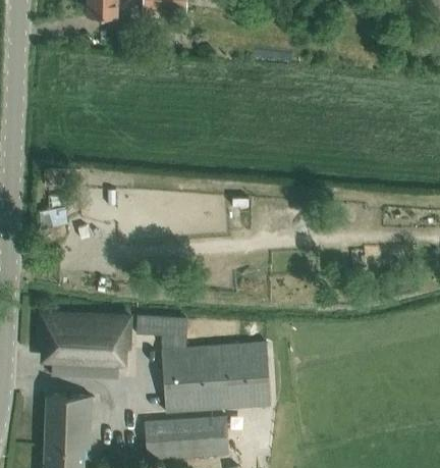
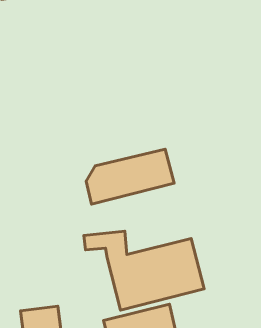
building: none -> [86,149,174,204]
building: [39,311,133,376] -> none

